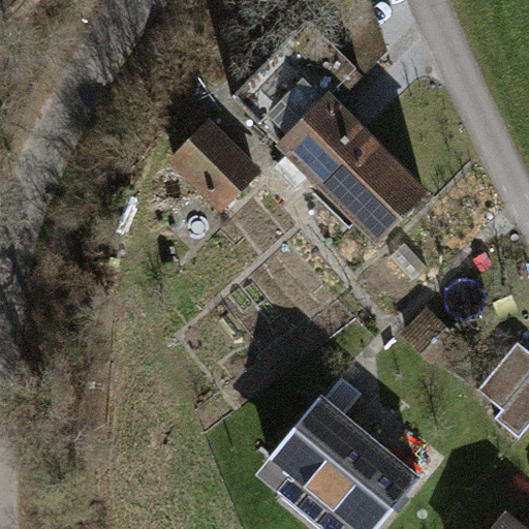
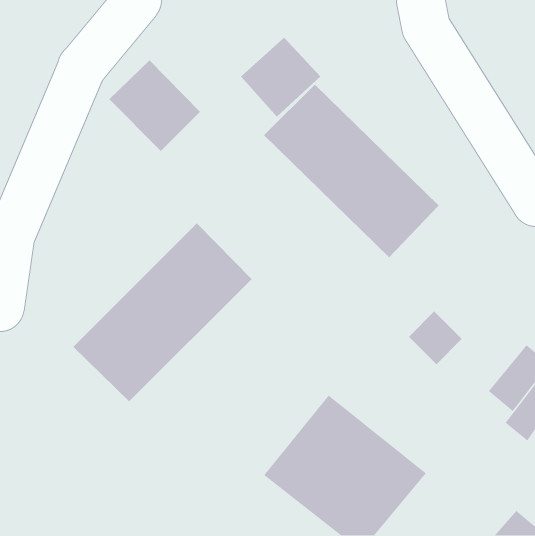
building: [173,125,263,216] -> [109,59,201,152]
building: none -> [73,223,252,402]

